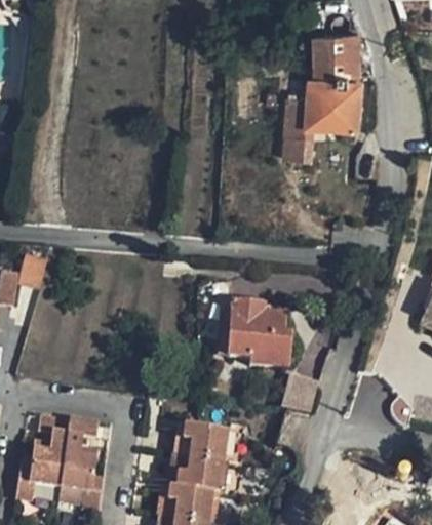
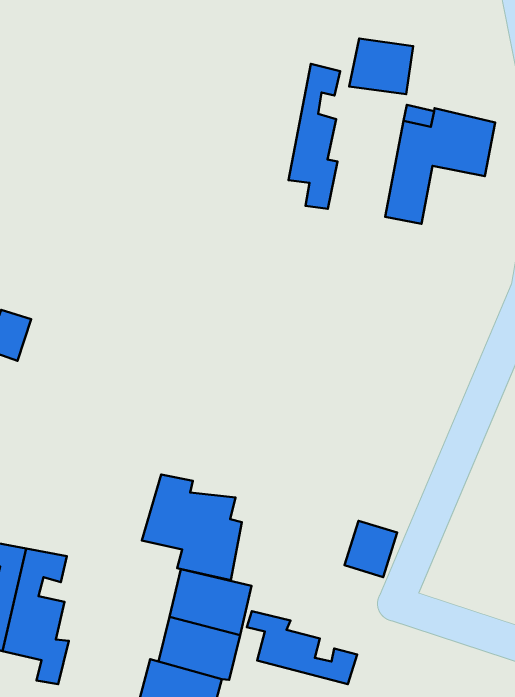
building: [319,36,360,71] -> [349,39,413,94]
building: none -> [288,64,340,209]
building: [220,309,287,376] -> [142,474,242,580]
building: none -> [247,611,357,684]

